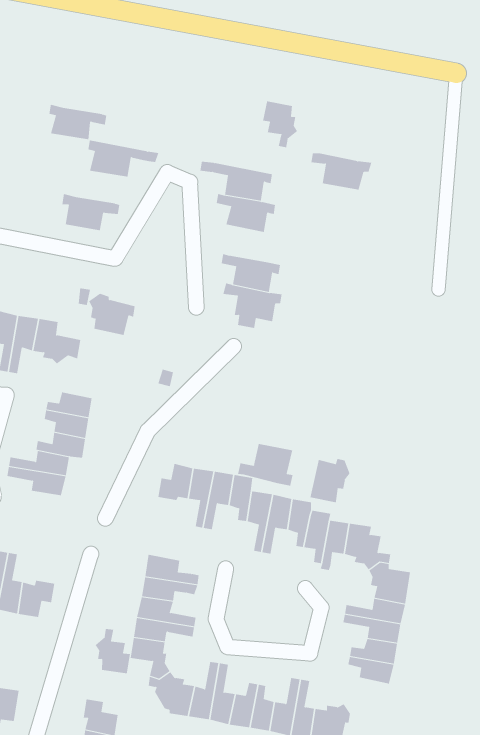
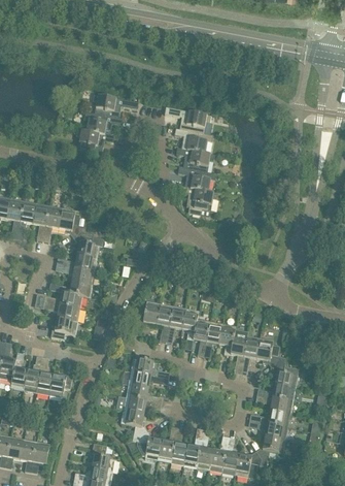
building: [262,100,298,148] -> none
building: [49,104,107,140] -> [84,111,122,134]
building: [311,153,372,190] -> [175,148,214,171]
building: [88,293,136,335] -> [73,231,103,258]
building: [237,443,293,486] -> none
building: [310,458,350,503] -> none
building: none -> [49,317,76,338]
building: [95,628,131,674] -> none
building: none -> [255,435,284,465]

